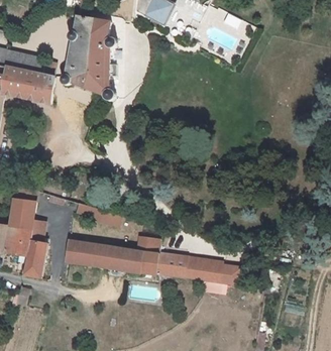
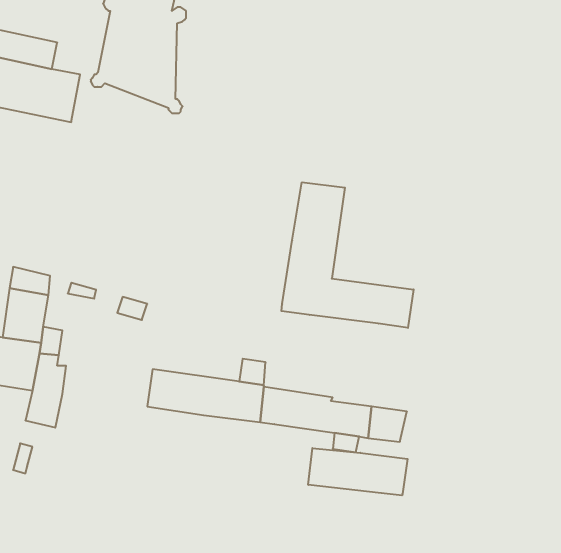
building: none -> [281,182,414,328]
building: [66,239,95,265] -> none
building: none -> [308,448,408,495]

